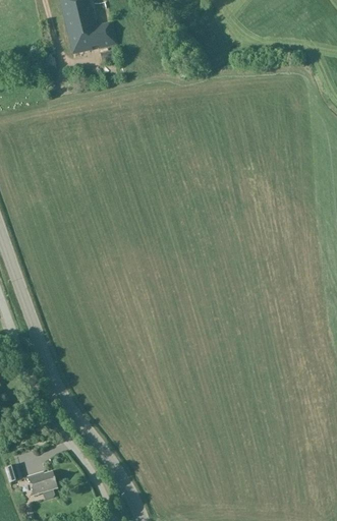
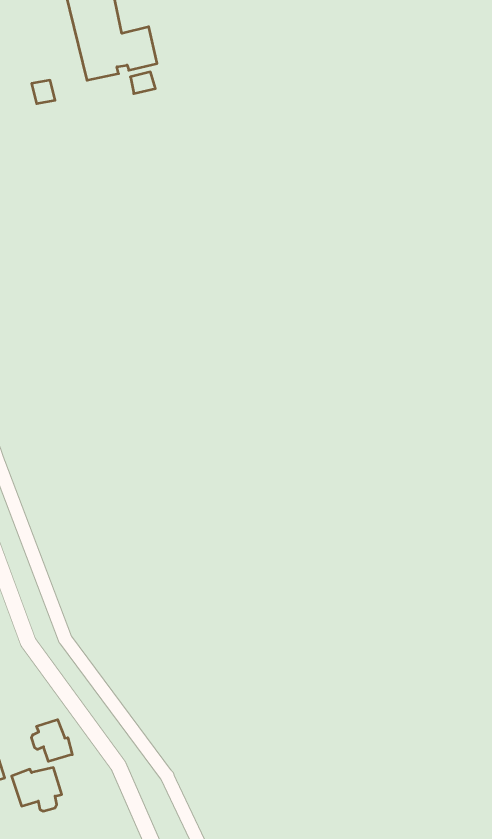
building: none -> [31,720,72,761]

